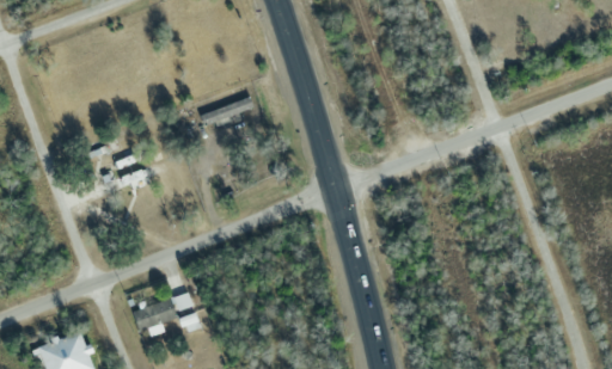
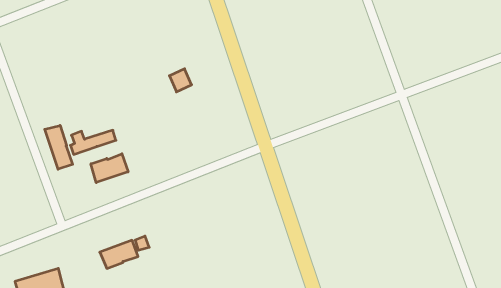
building: none -> [45,125,73,169]
building: none -> [91,154,128,183]

